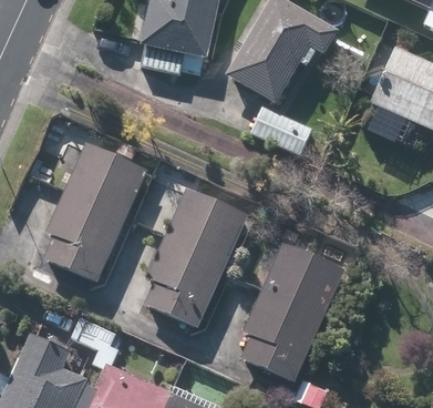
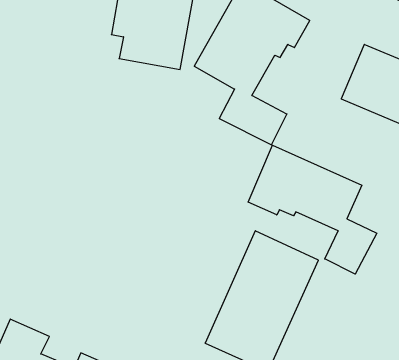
building: [34,143,146,284] -> none
building: none -> [248,145,377,274]
building: [138,187,248,329] -> none

